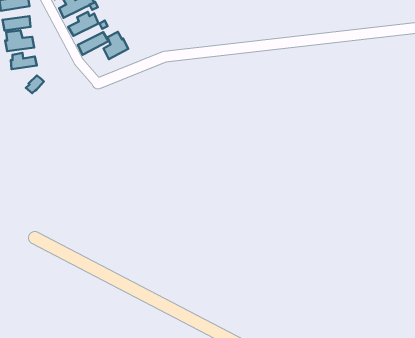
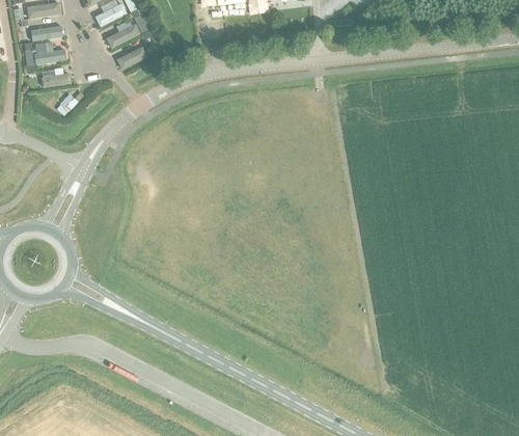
building: [104,32,128,59] -> none

